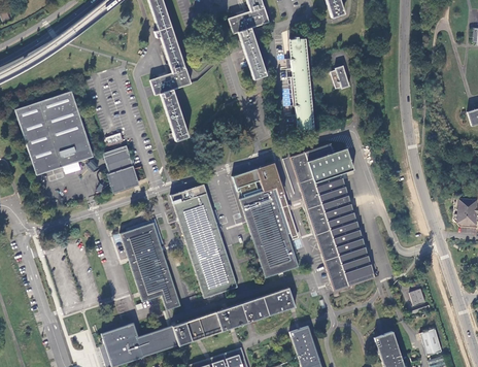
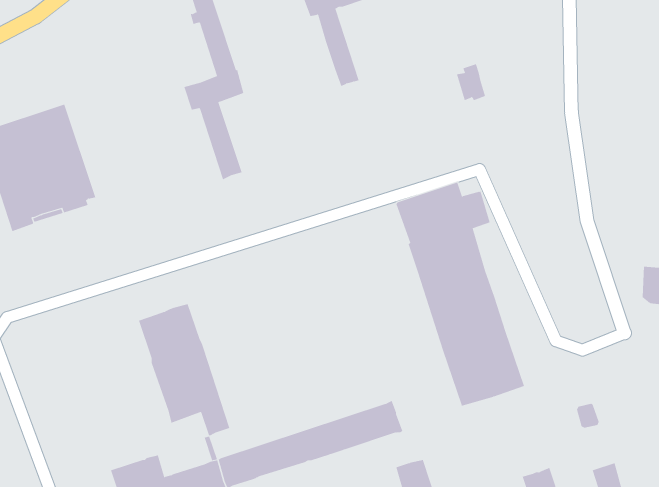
building: [288,33,314,131] -> none
building: [104,145,136,193] -> none
building: [233,163,300,277] -> none
building: [171,184,238,298] -> none

